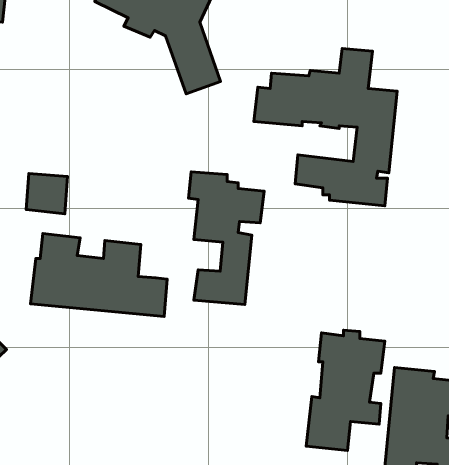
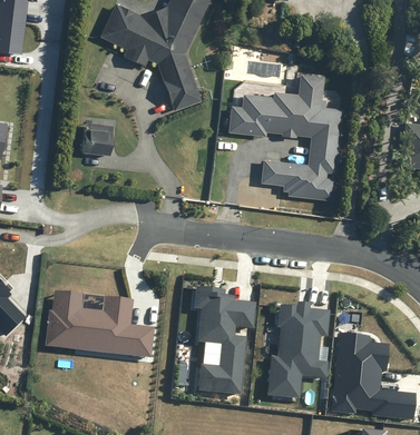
building: [188,172,264,304] -> [196,286,257,393]
building: [26,174,68,214] -> [77,123,110,156]
building: [30,234,167,316] -> [42,293,153,359]

